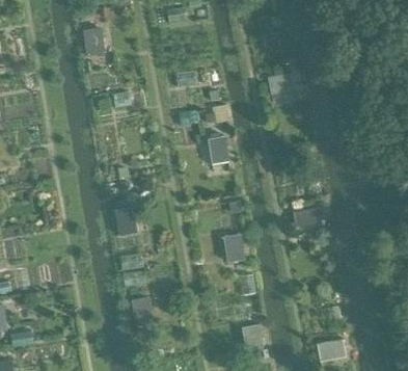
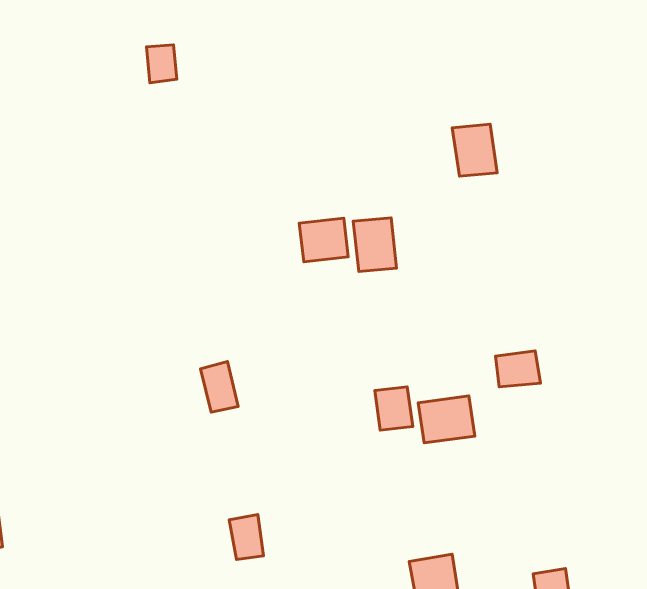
building: none -> [299,218,348,262]
building: none -> [418,396,475,443]

